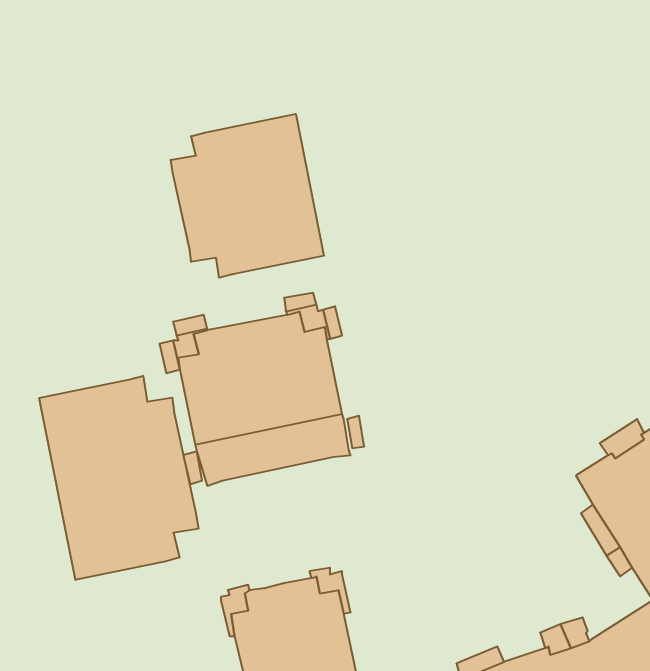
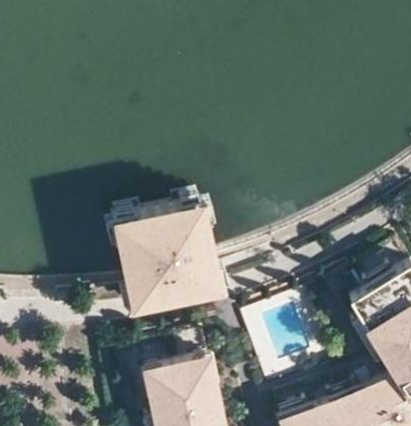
building: [171,114,324,278] -> none
building: [39,376,198,580] -> none

